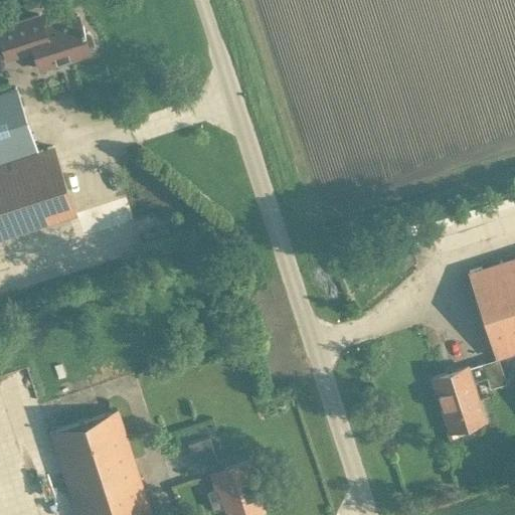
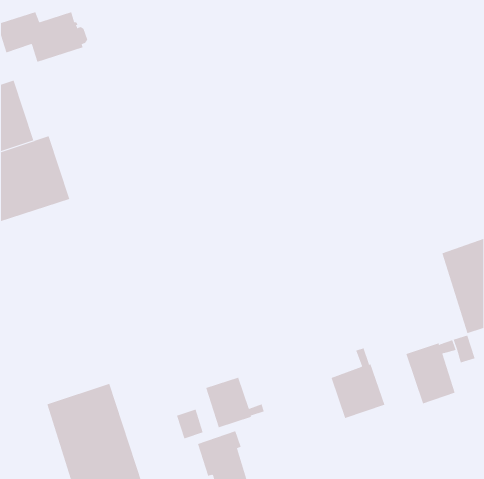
building: none -> [331,348,385,419]
building: none -> [206,377,264,428]

